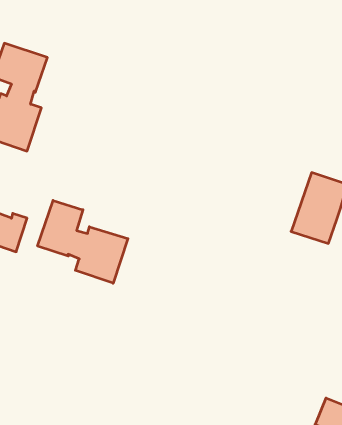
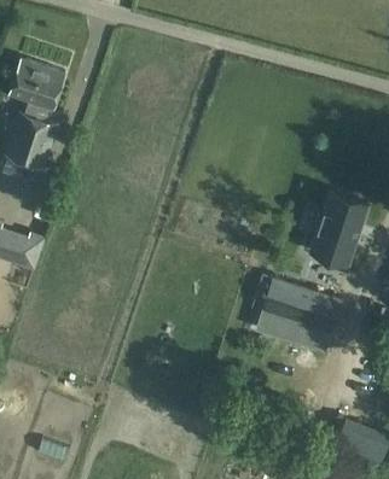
building: [38,200,128,283] -> none
building: none -> [254,278,339,354]

